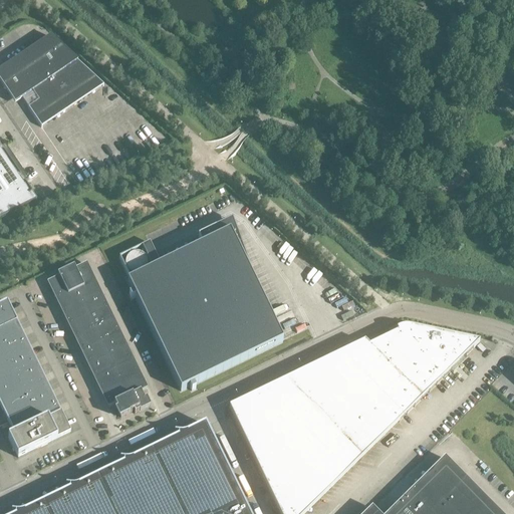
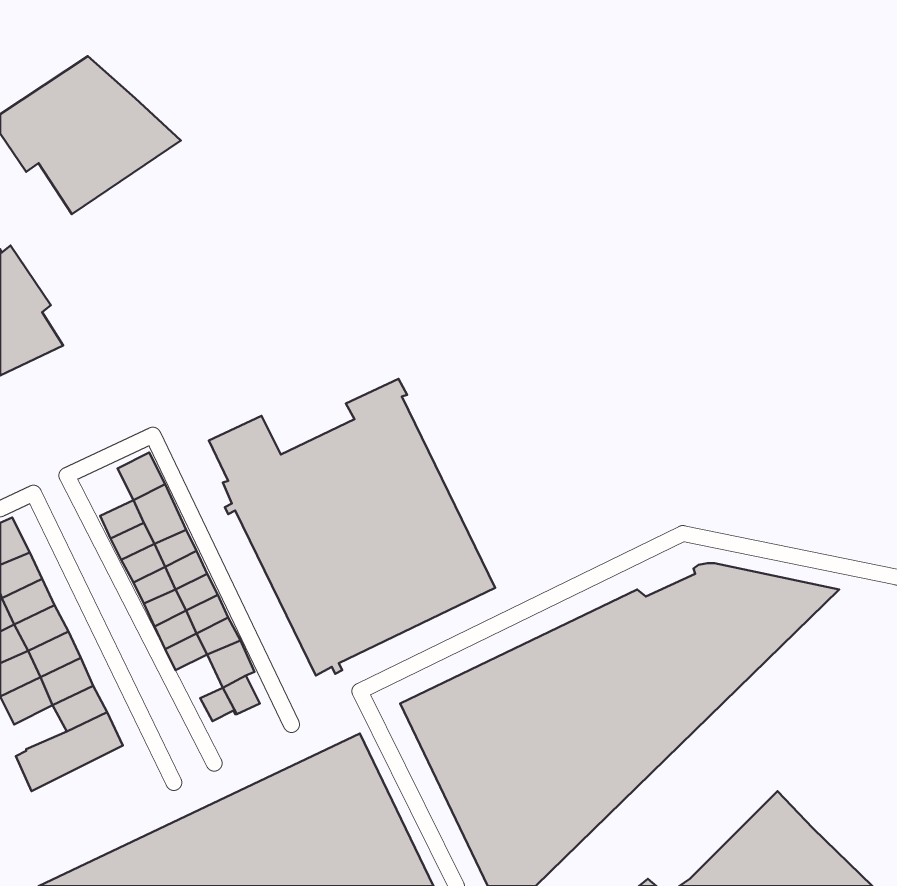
building: [48,268,76,295] -> none
building: [100,374,127,403] -> none
building: [8,404,38,429] -> none

